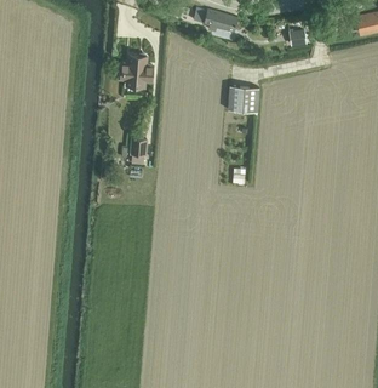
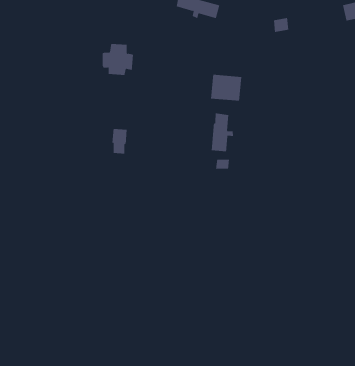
building: none -> [211,113,233,152]

